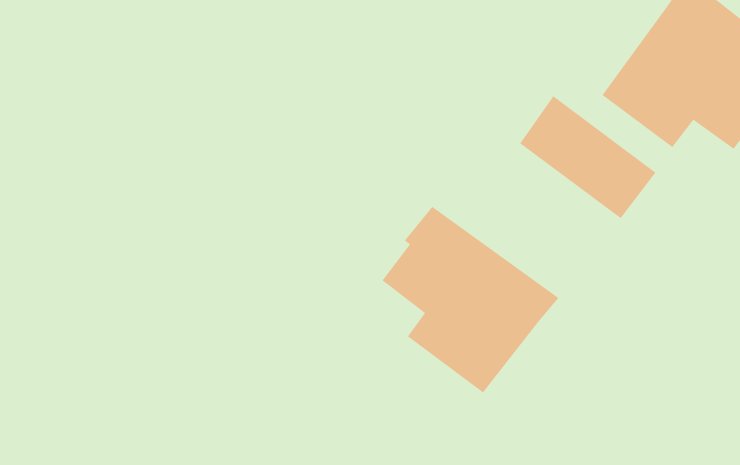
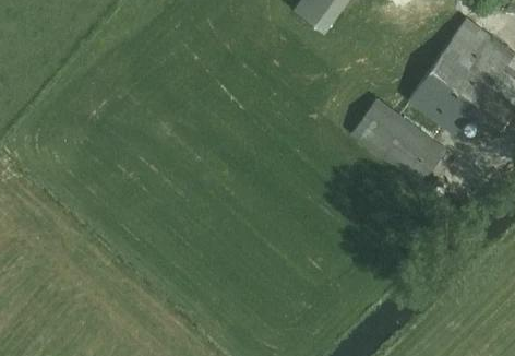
building: [381,206,560,394] -> none

